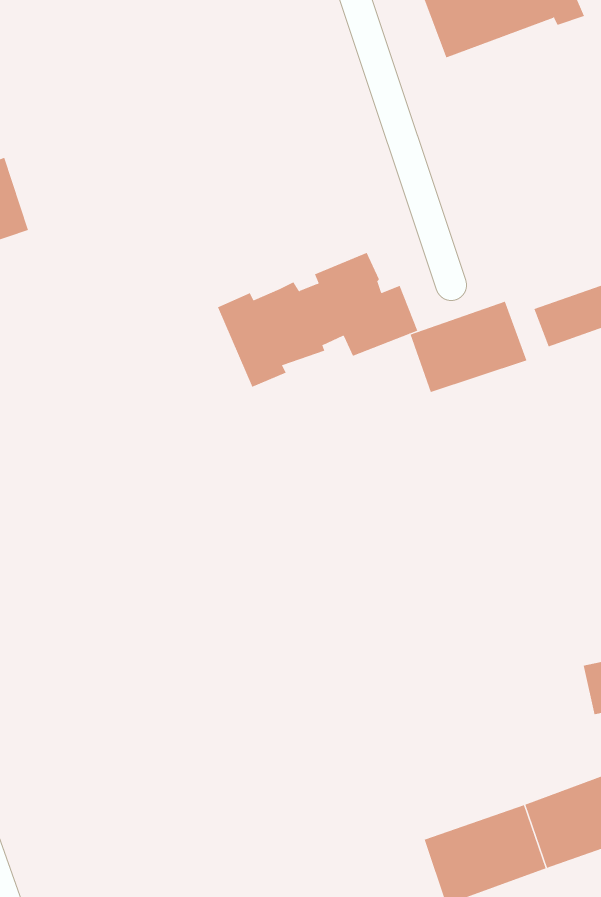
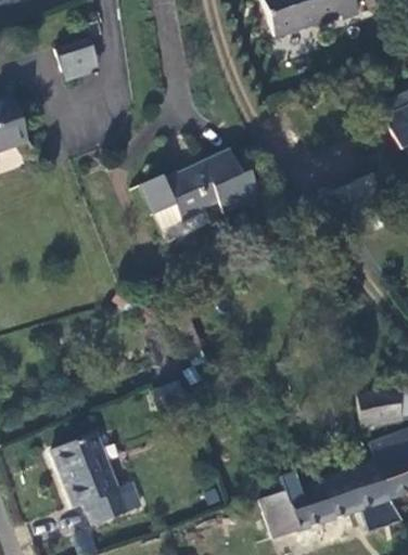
building: none -> [54,34,100,80]
building: [410,301,527,393] -> none
building: none -> [53,434,141,525]

